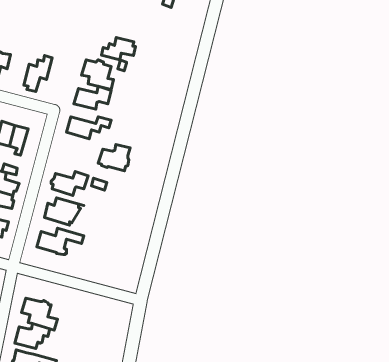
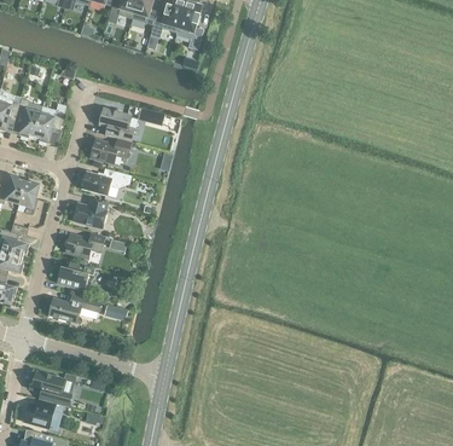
building: [102,38,136,60] -> none
building: none -> [16,98,40,137]
building: [98,145,130,171] -> [72,198,108,227]

